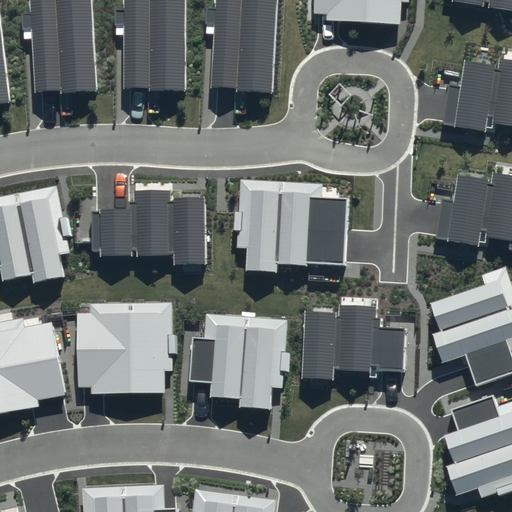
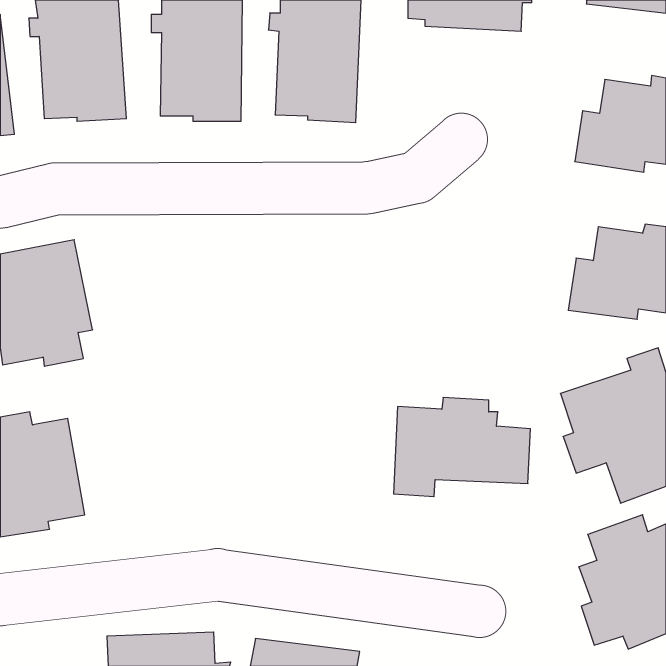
building: [236,179,347,274] -> none
building: [91,189,207,265] -> none
building: [78,302,173,393] -> none
building: [189,314,288,408] -> none

